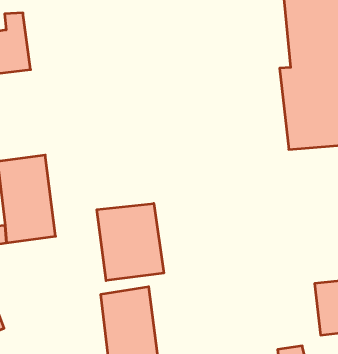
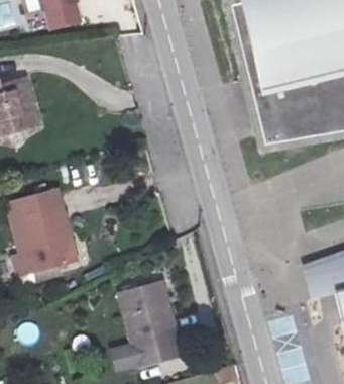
building: [97,203,164,281] -> none

